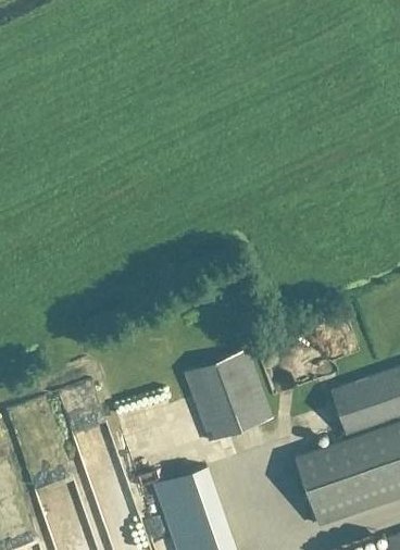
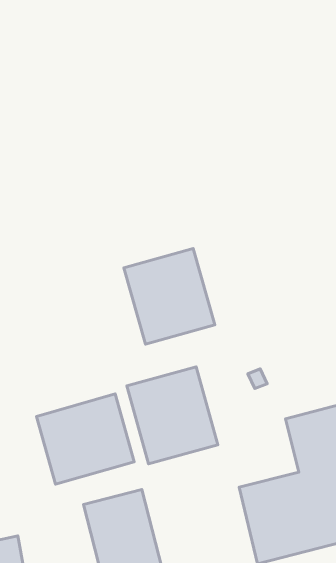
building: none -> [124,249,215,344]
building: none -> [36,394,134,484]

